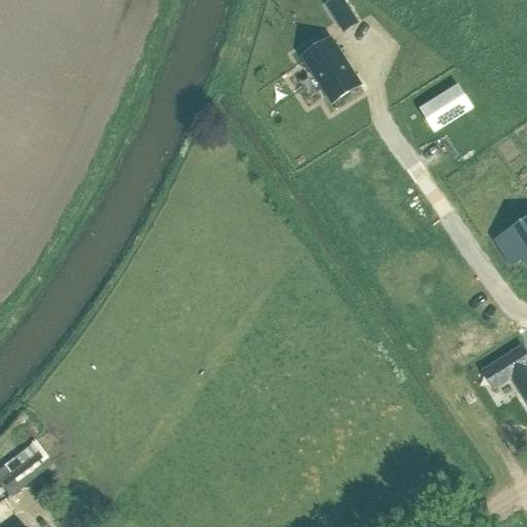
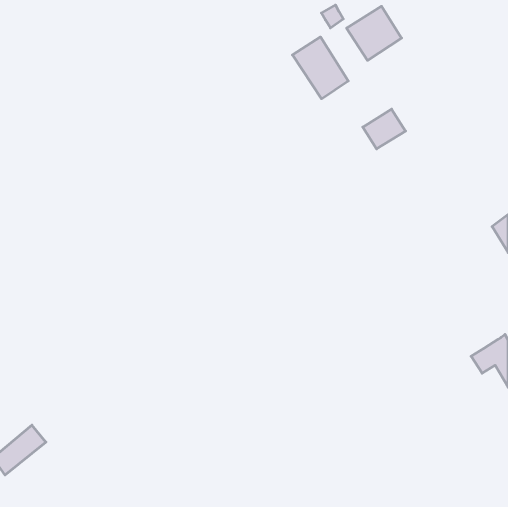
building: none -> [347,6,402,60]
building: [427,84,471,126] -> [363,109,406,149]

